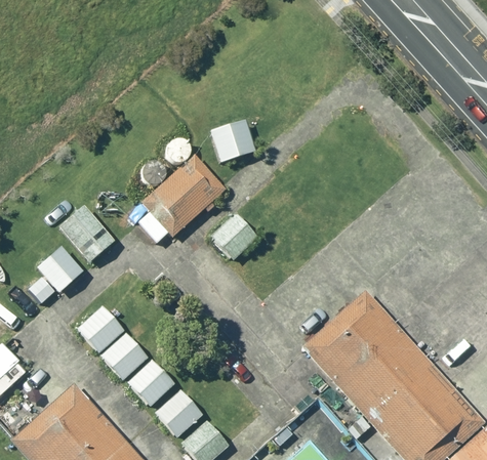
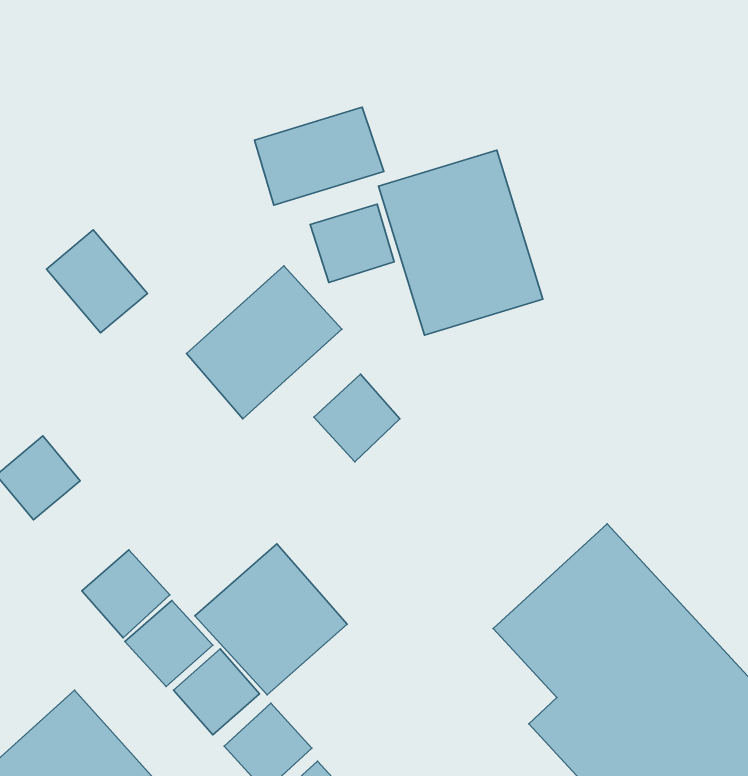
building: none -> [254,107,384,205]
building: none -> [378,150,543,335]
building: [55,205,111,261] -> [46,230,147,333]
building: none -> [195,544,347,695]

